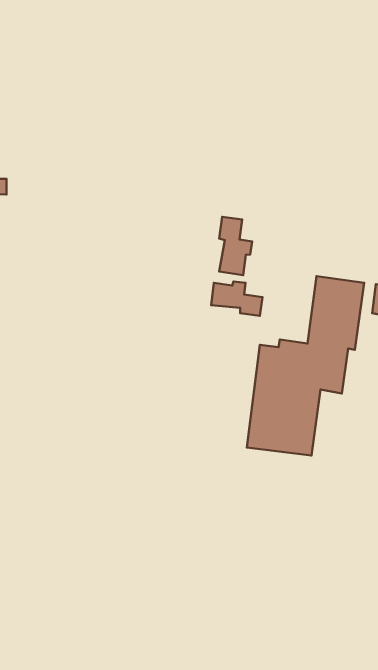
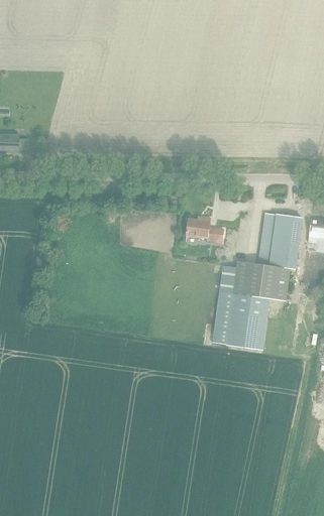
building: [219,217,252,275] -> none

